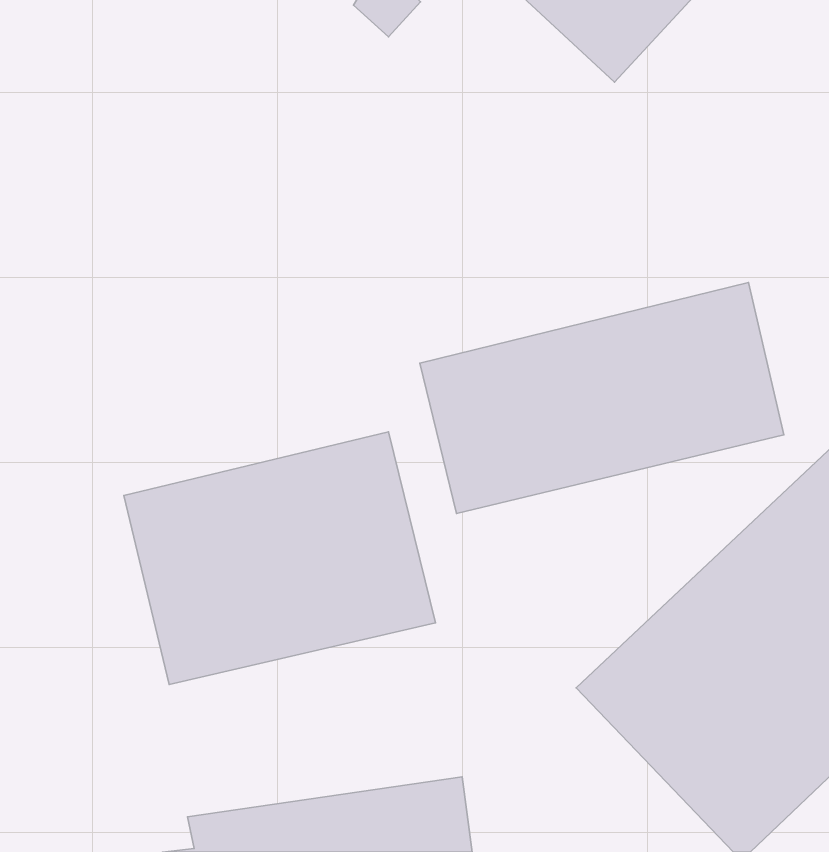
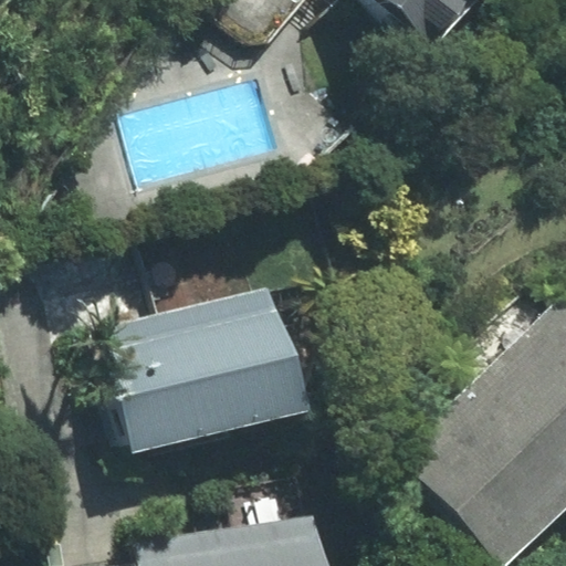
building: [420,283,784,513] -> none

